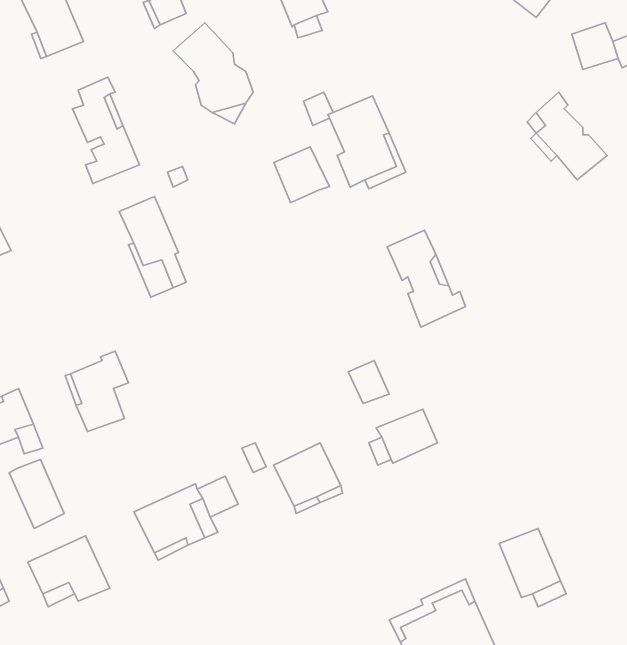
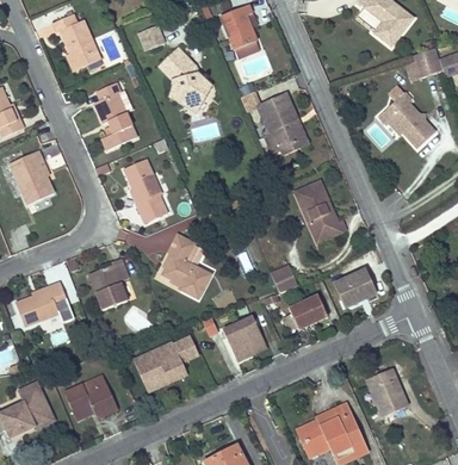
building: [274,147,330,202] -> none
building: none -> [161,234,210,298]
building: none -> [335,268,371,299]
building: [9,459,64,528] -> none

